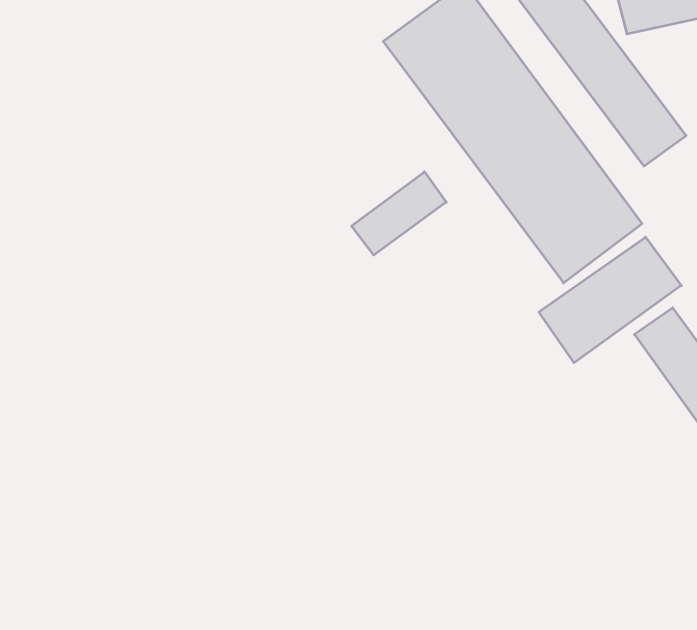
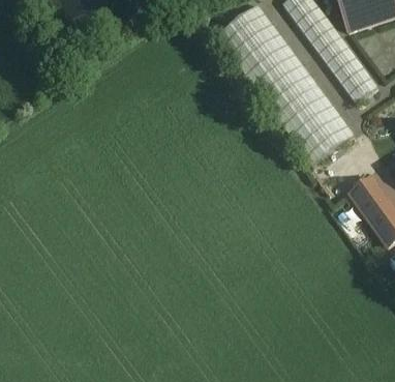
building: [352,172,446,255] -> none
building: [539,237,681,363] -> none

